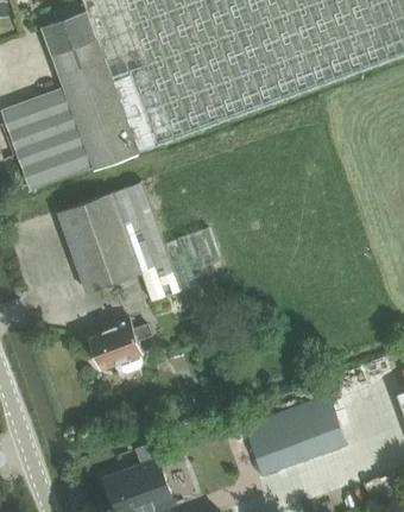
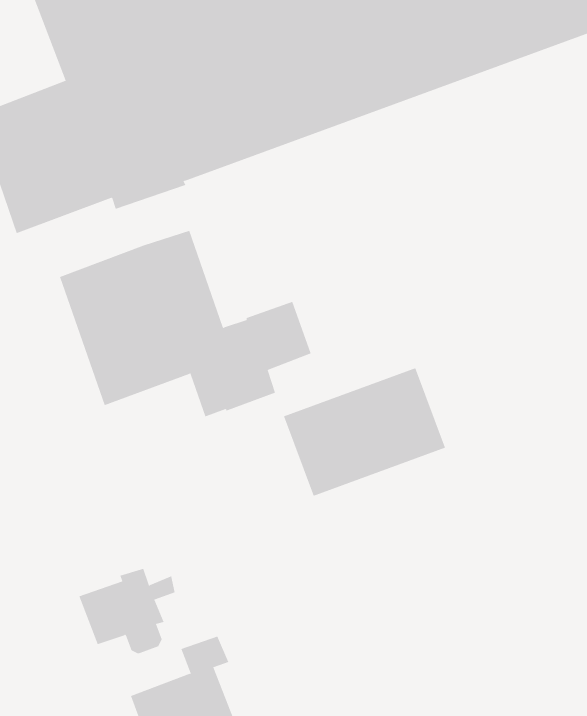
building: [87,318,149,373] -> [78,568,176,654]
building: [241,393,345,475] -> [283,367,446,496]

